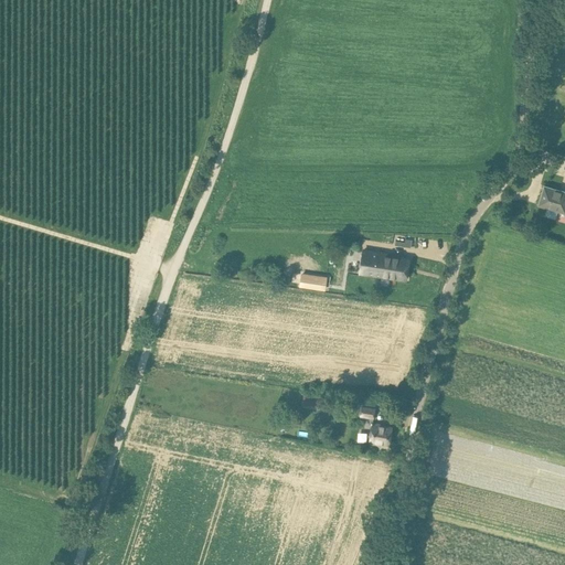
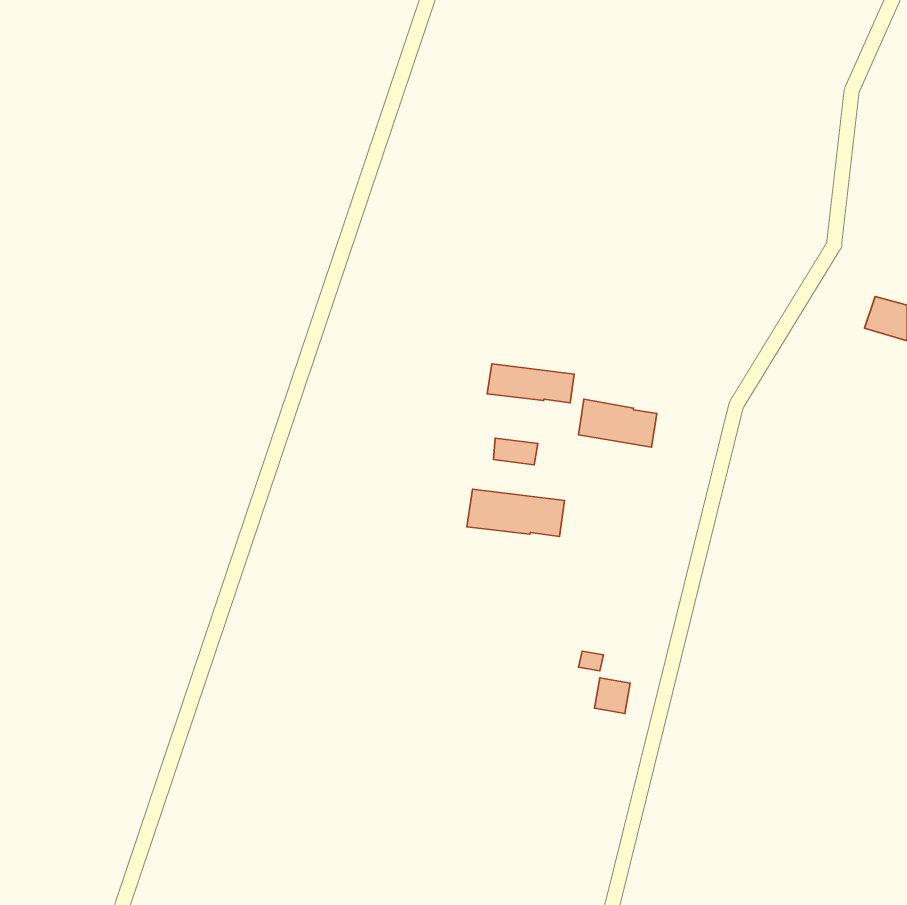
building: none -> [487,364,574,403]
building: none -> [467,489,564,537]

